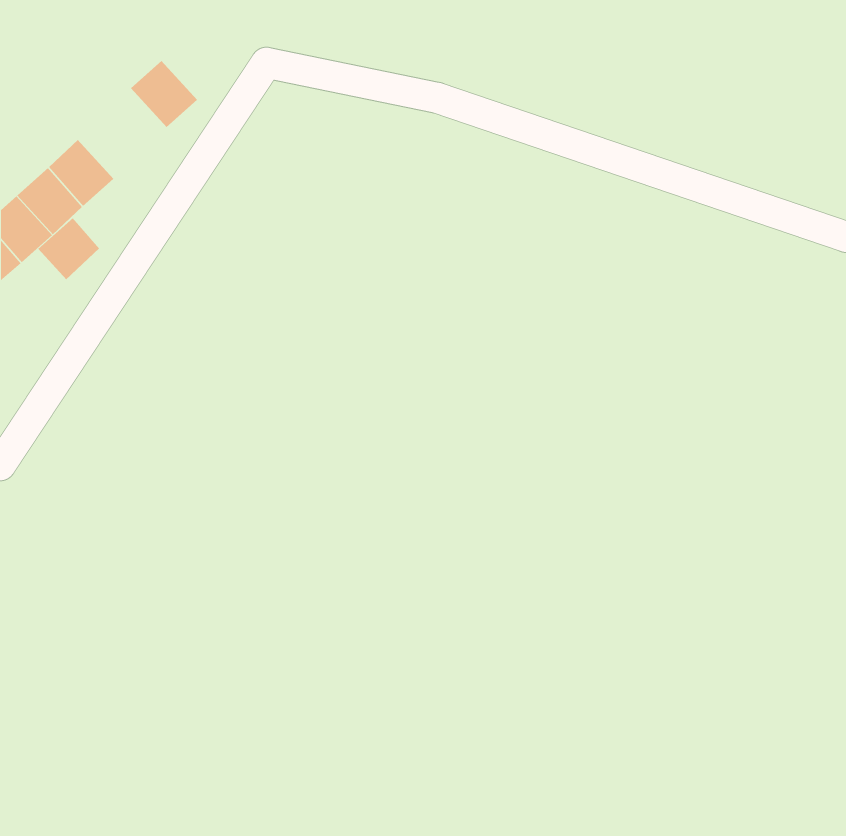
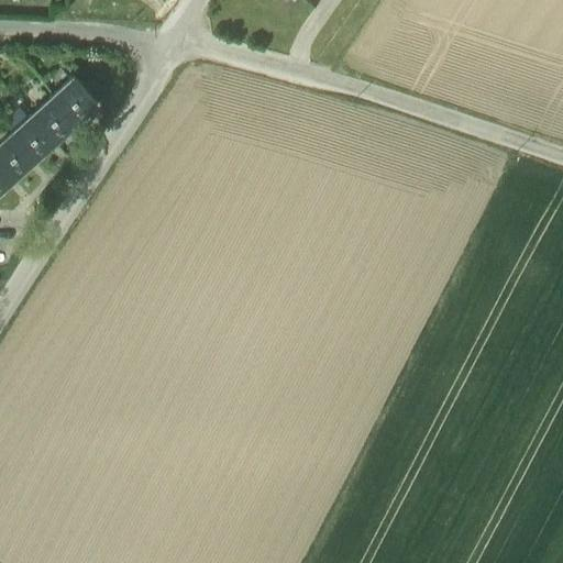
building: [130,60,198,128] -> [52,80,97,125]
building: [38,217,100,280] -> none

